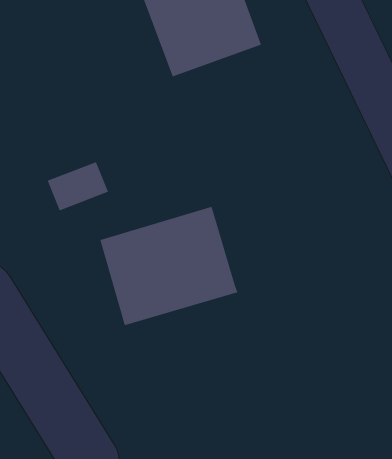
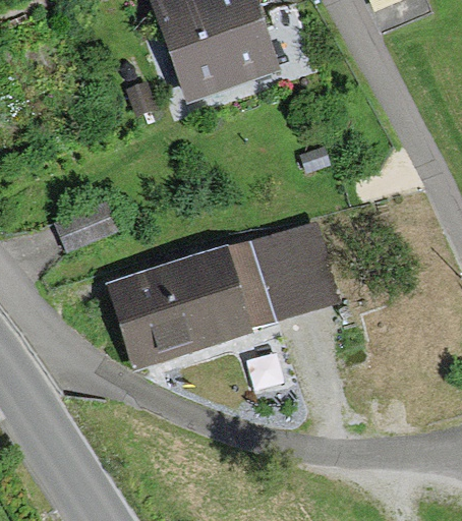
building: none -> [230,219,340,326]

